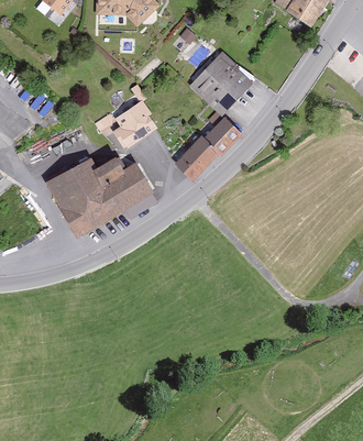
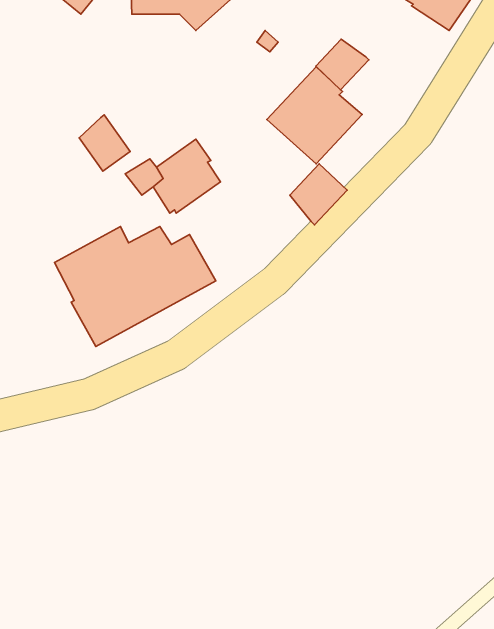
building: none -> [316,39,369,90]
building: none -> [79,115,130,171]
building: [174,134,218,181] -> none

